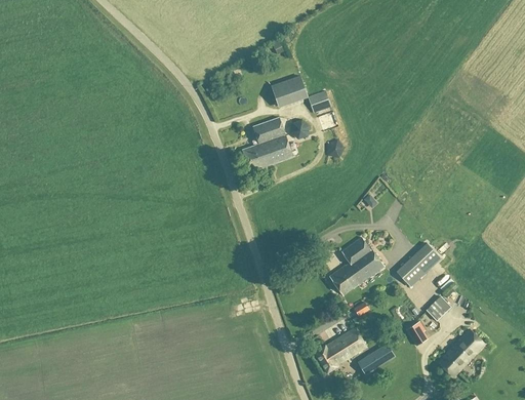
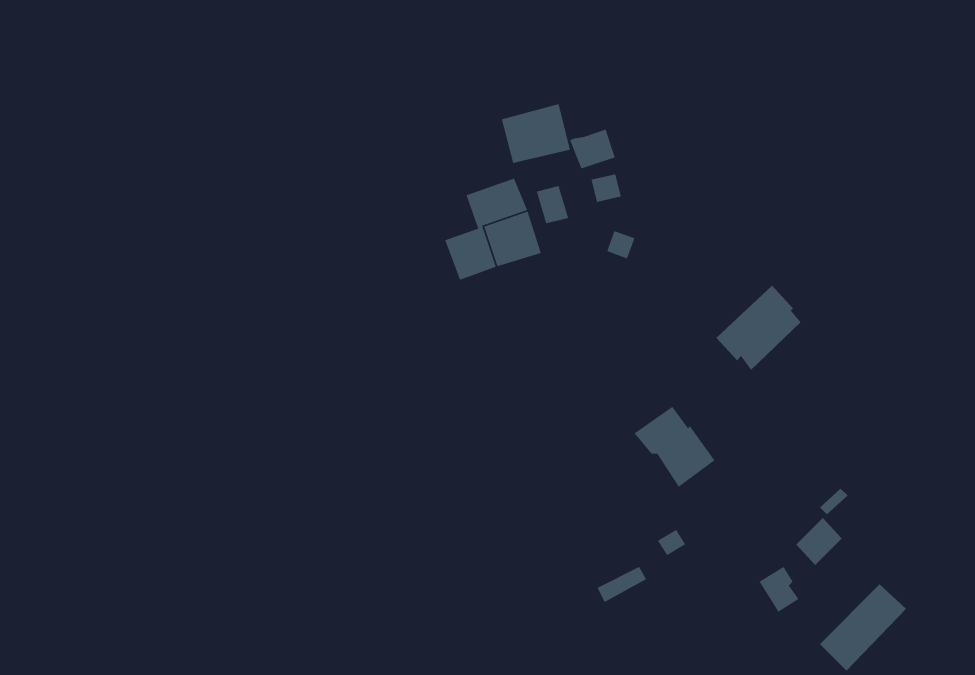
building: [397,243,442,288] -> [716,285,802,371]
building: [329,262,365,294] -> none
building: [315,326,367,371] -> none
building: [364,344,395,370] -> none

